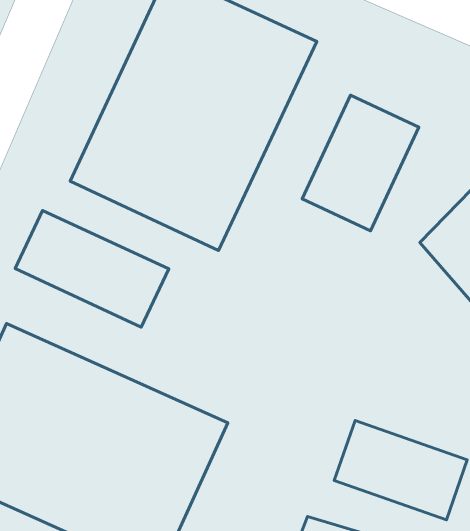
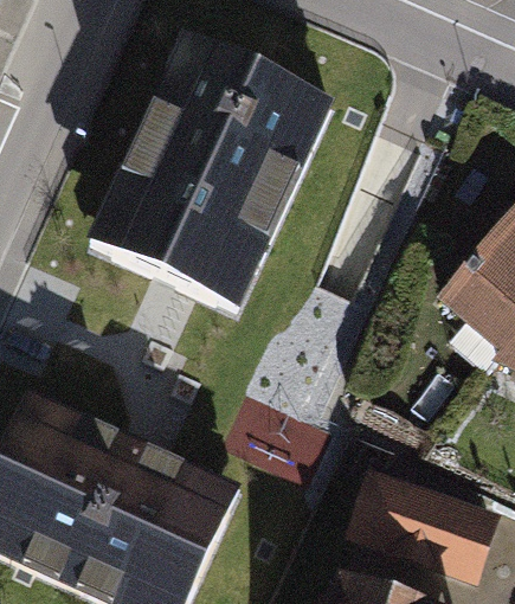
building: [302,95,419,231] -> none
building: [15,210,169,327] -> none

